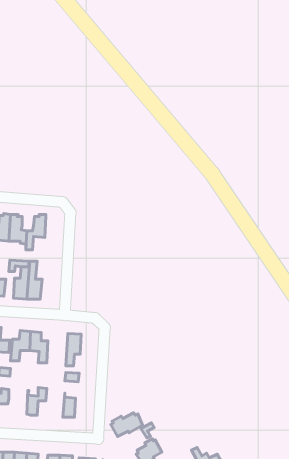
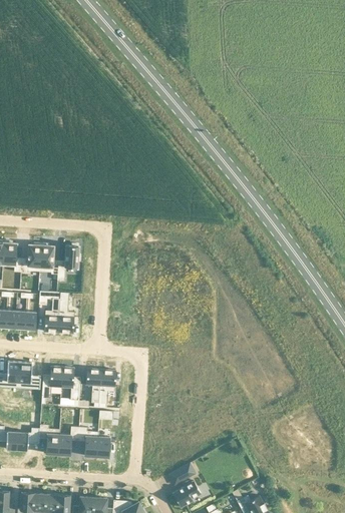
building: none -> [86,368,101,403]
building: none -> [39,424,59,454]
building: none -> [78,427,98,457]
building: [111,413,143,437] -> none

